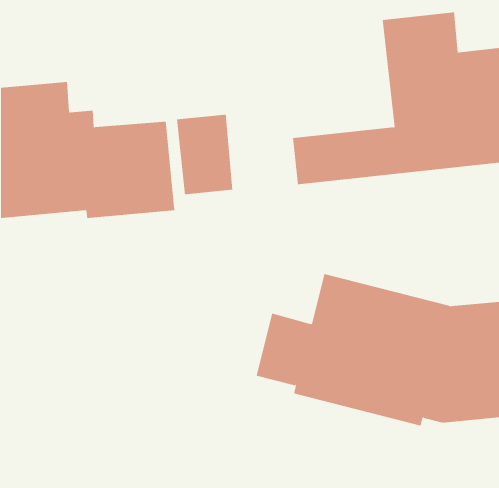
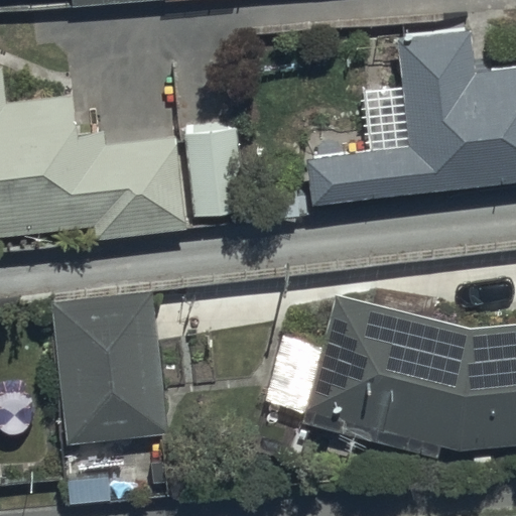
building: none -> [52,294,170,445]

